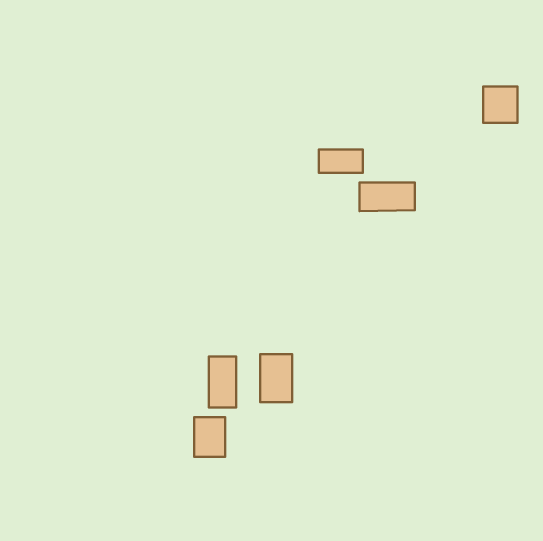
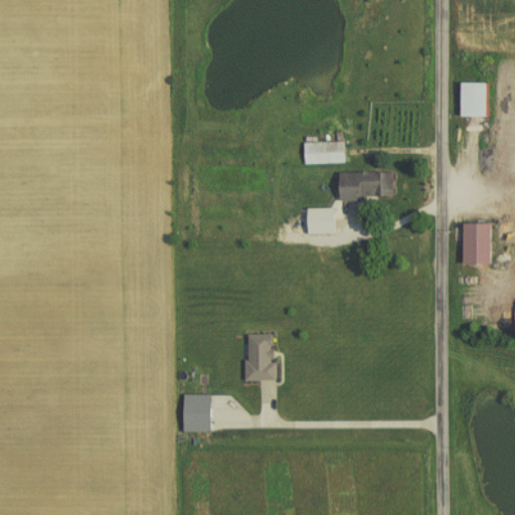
building: none -> [298,208,335,233]
building: none -> [462,223,492,265]
building: [209,357,236,408] -> none

